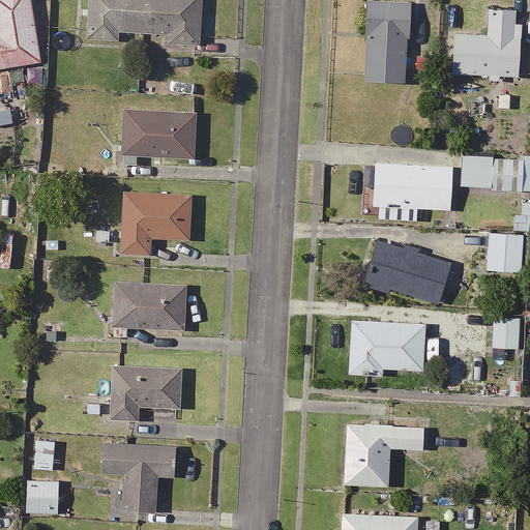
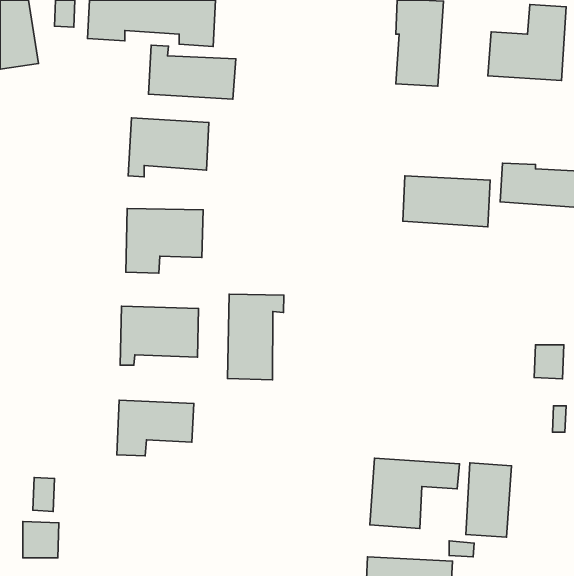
building: none -> [148,45,236,99]
building: [489,233,523,270] -> none
building: [364,239,451,303] -> none
building: none -> [228,294,284,380]
building: [348,319,425,374] -> none
building: none -> [466,463,511,537]
building: [104,441,175,509] -> none

